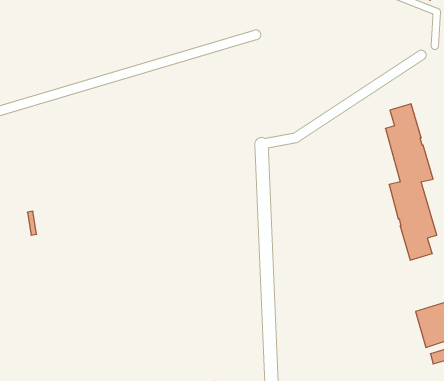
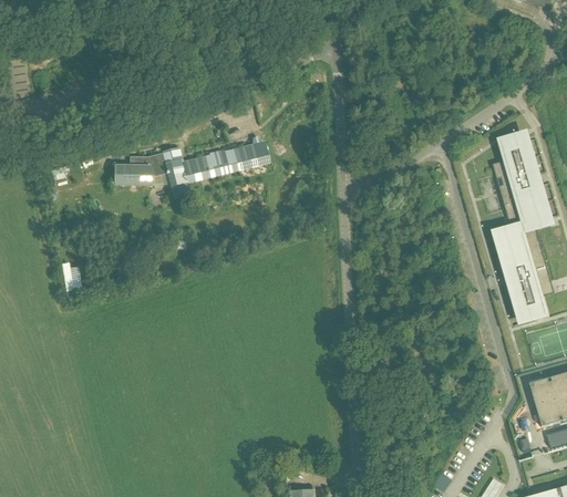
building: none -> [113,134,268,197]

